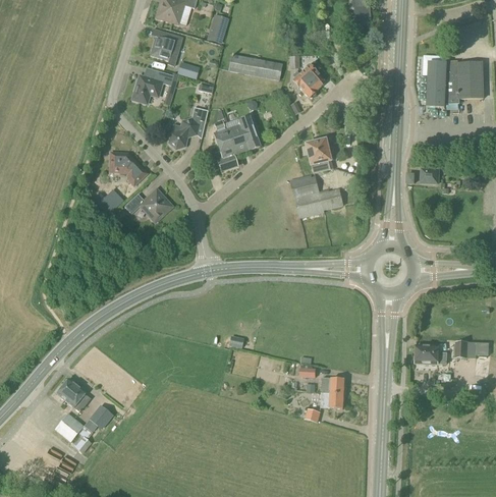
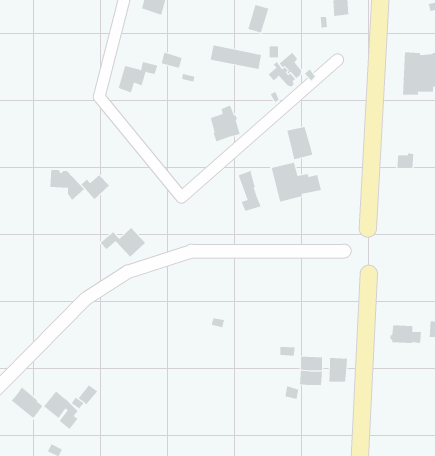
building: [206,14,228,44] -> [248,5,269,33]
building: [150,32,181,66] -> none
building: [168,107,207,149] -> none
building: [213,127,237,170] -> [238,170,261,212]
building: [109,153,146,185] -> [49,170,85,201]
building: [123,189,171,221] -> [100,227,146,258]
building: [56,378,90,411] -> [11,387,43,419]
building: none -> [329,357,347,383]

